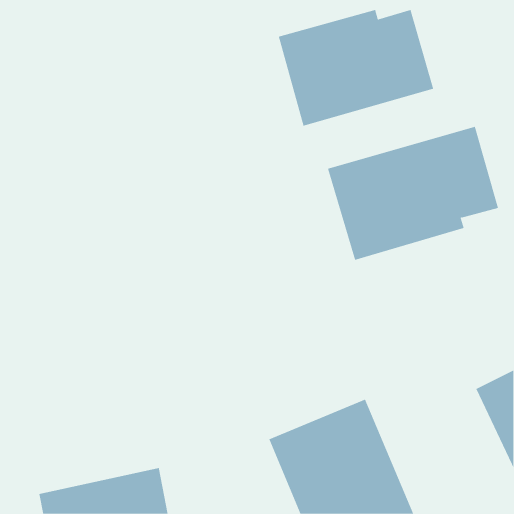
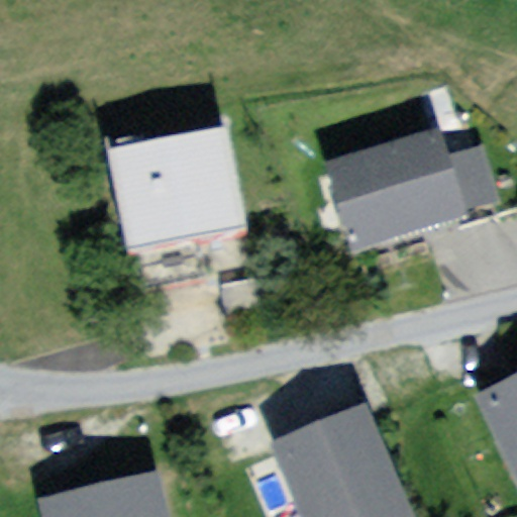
building: [278,9,434,127] -> none
building: none -> [107,137,246,269]

